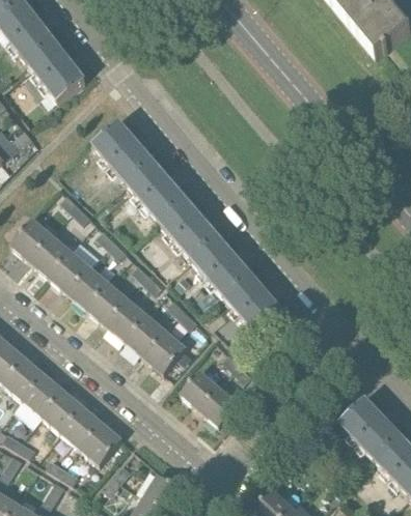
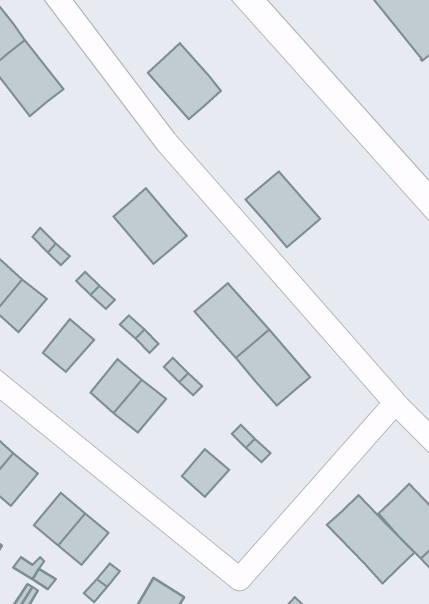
building: [93,123,153,184] -> [148,43,221,119]
building: [159,200,219,261] -> [246,171,320,247]
building: [50,251,91,294] -> none
building: [88,284,130,326] -> none
building: [146,332,188,375] -> none
building: [200,389,240,427] -> none
building: [44,392,84,433] -> none
building: none -> [327,495,414,583]

